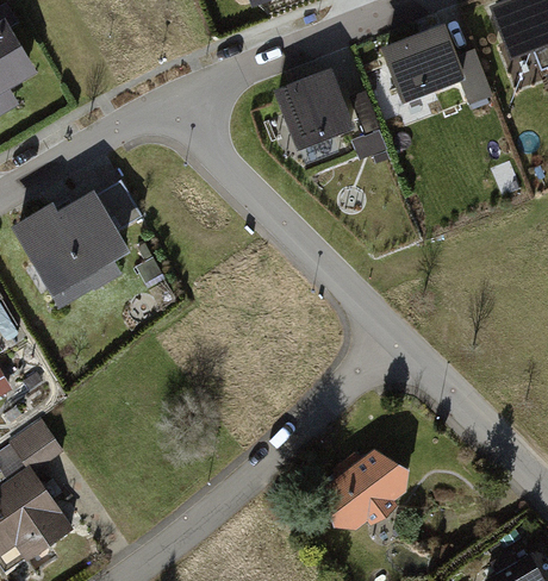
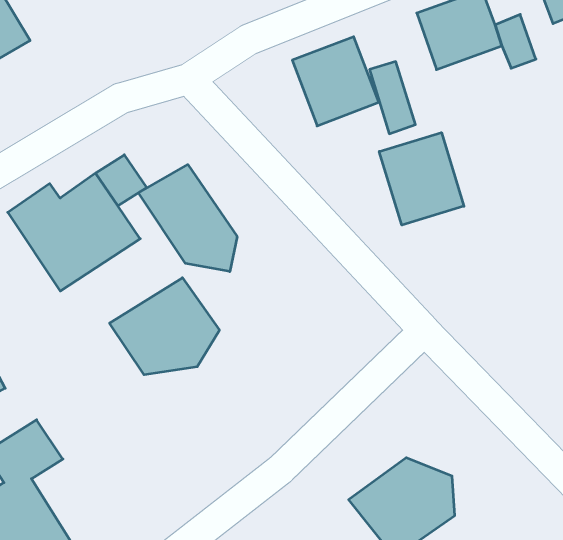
building: none -> [379,133,464,225]
building: none -> [139,165,237,272]
building: none -> [110,278,219,375]

